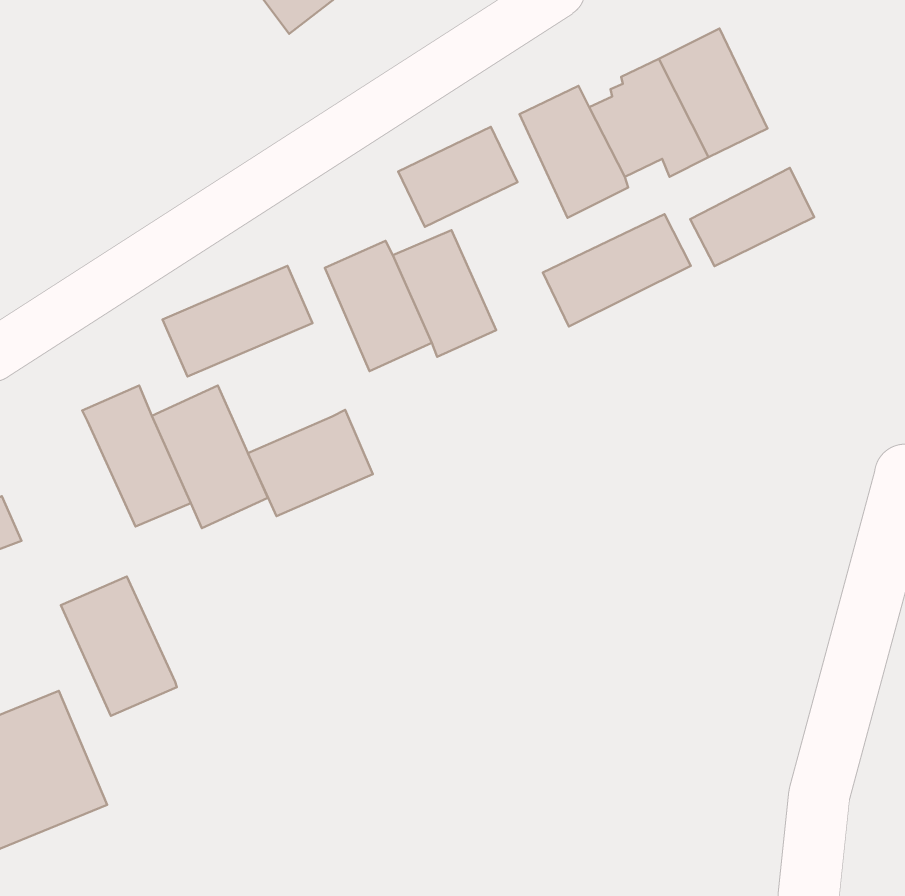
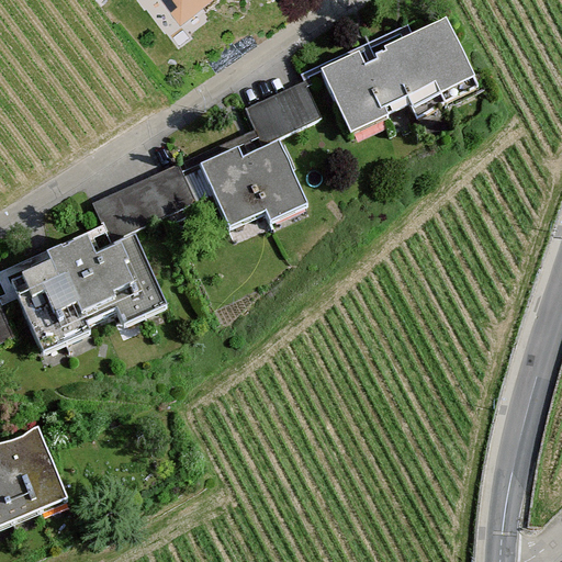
building: [690,168,814,266] -> none
building: [543,214,691,327] -> none
building: [248,410,373,516] -> none
building: [61,576,177,716] -> [13,259,85,345]

